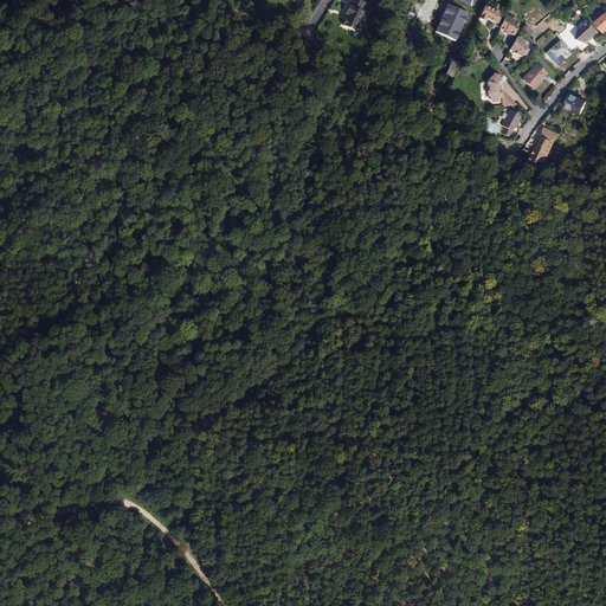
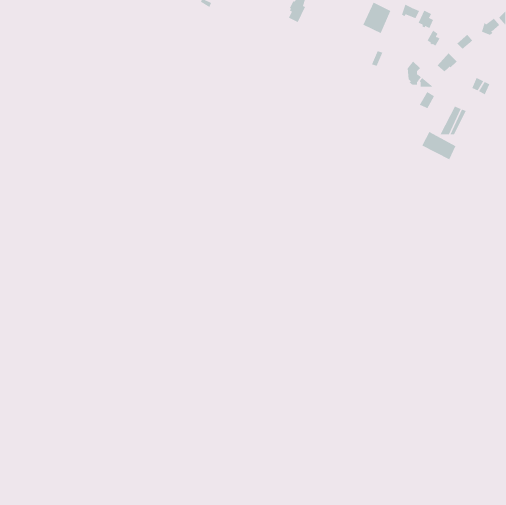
building: none -> [422,131,456,160]

